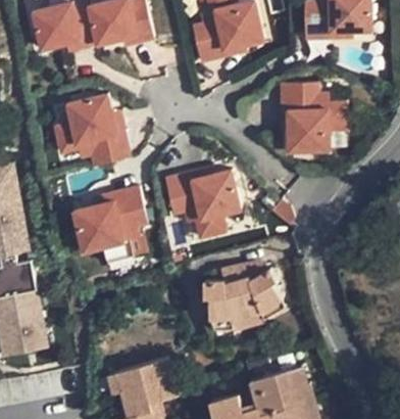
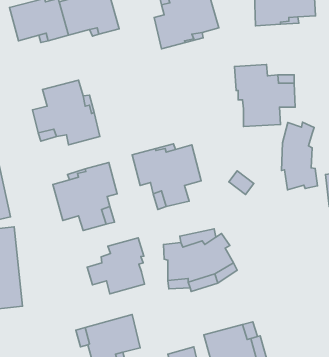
building: none -> [282,122,317,190]
building: none -> [87,238,144,294]

